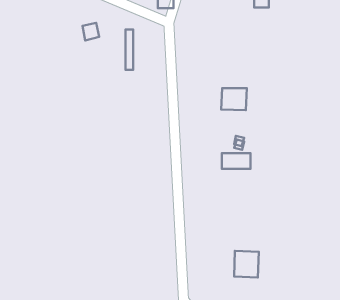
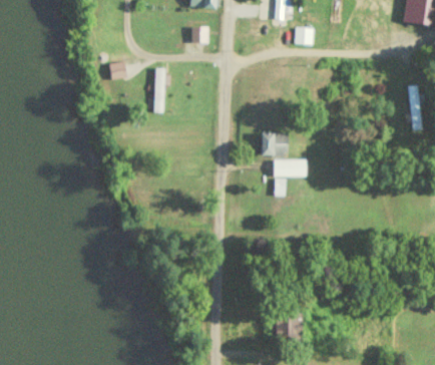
building: [222,153,250,169] -> [275,159,306,176]

